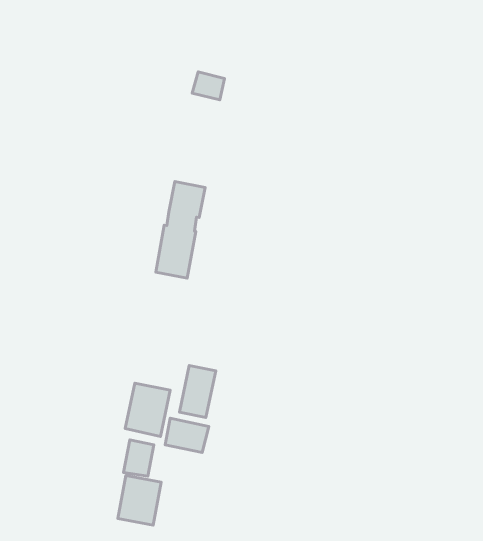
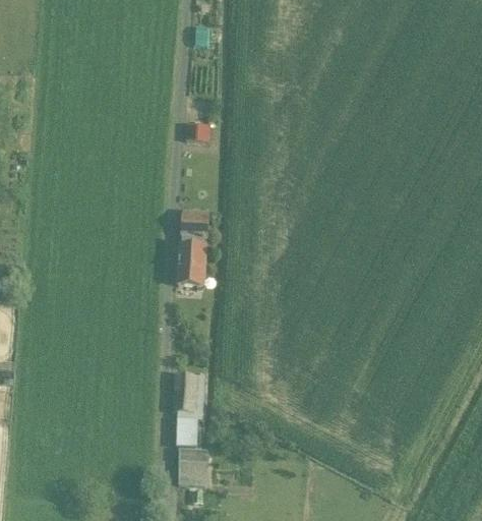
building: [179,365,216,417] -> none
building: [165,418,209,453] -> none

